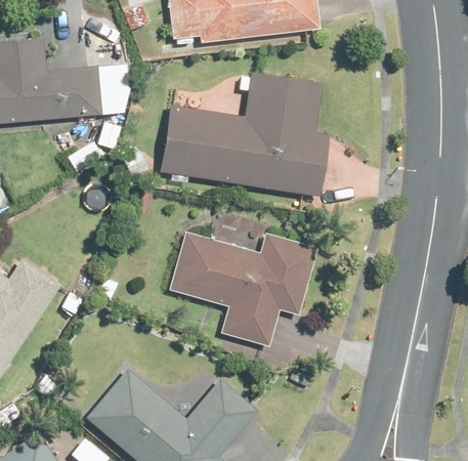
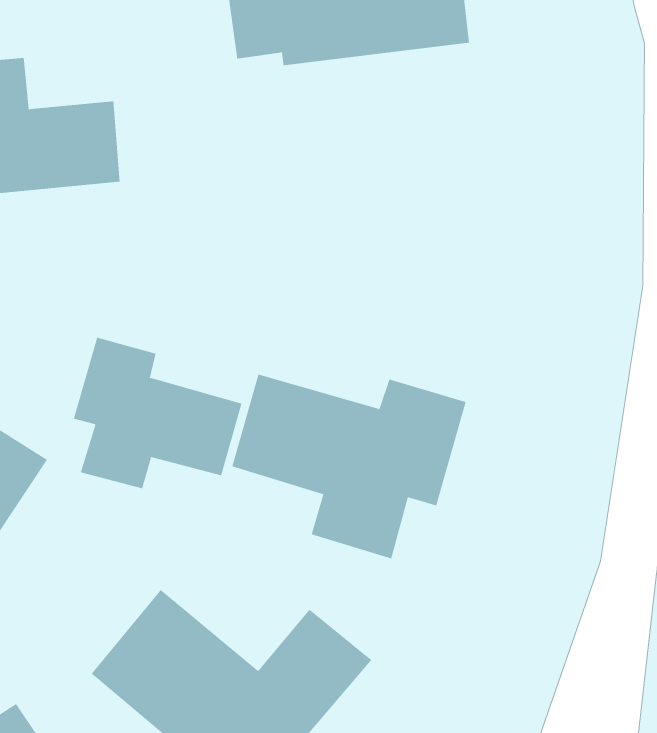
building: [158,71,330,197] -> none
building: none -> [73,337,242,489]

